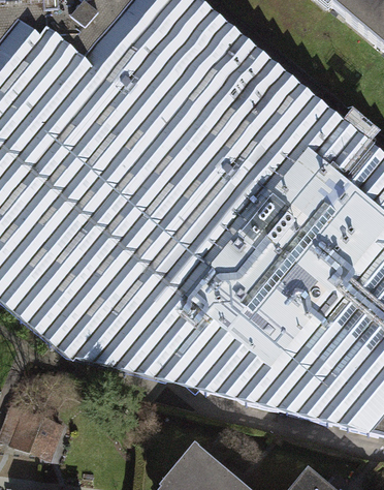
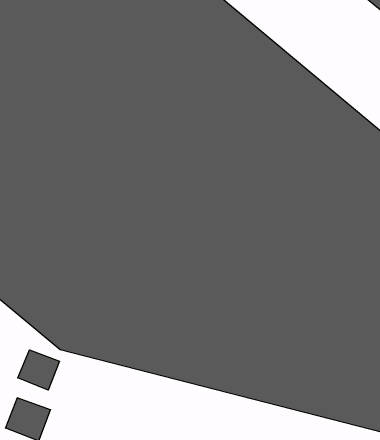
building: none -> [18,350,59,390]

